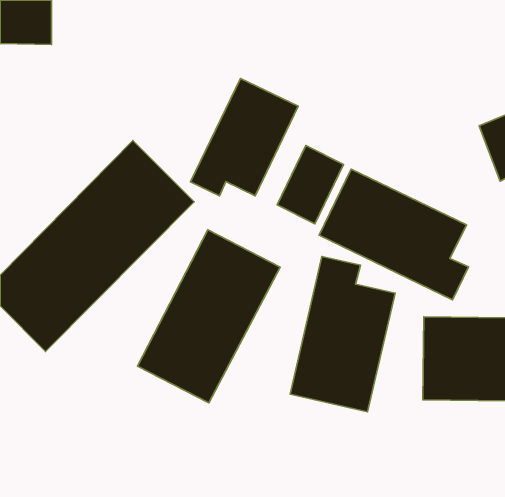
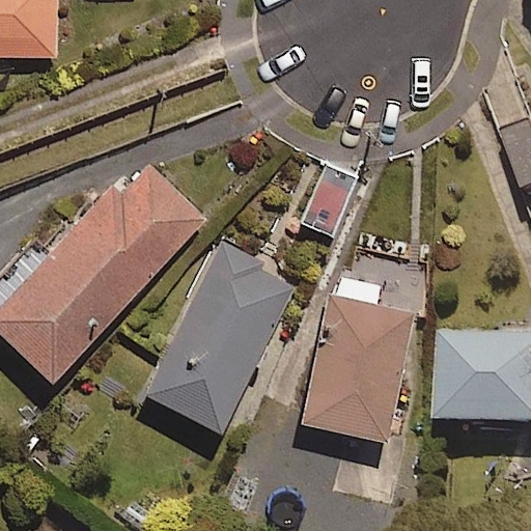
building: [190,78,298,196] -> none
building: [319,169,469,300] -> none

